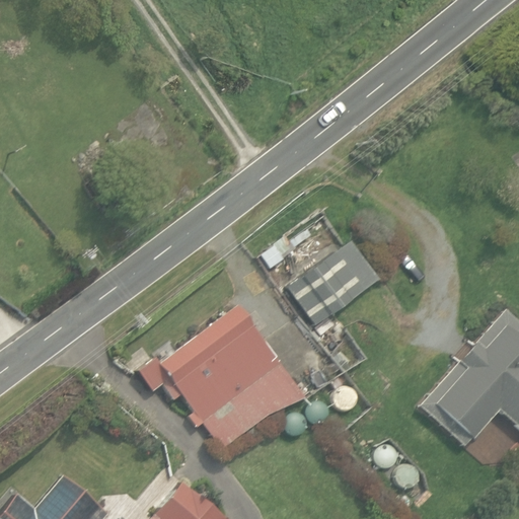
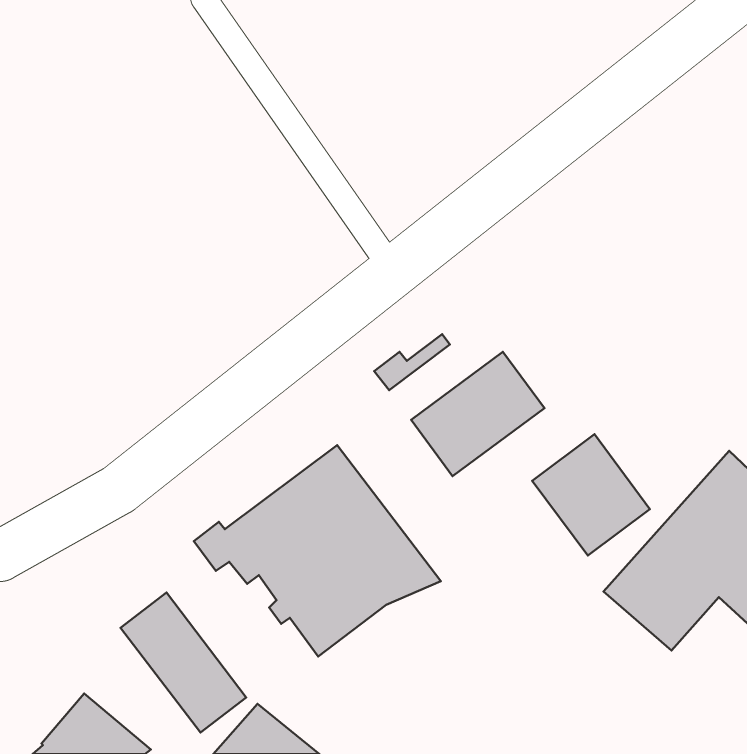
building: none -> [532,434,650,556]
building: none -> [121,593,246,733]

